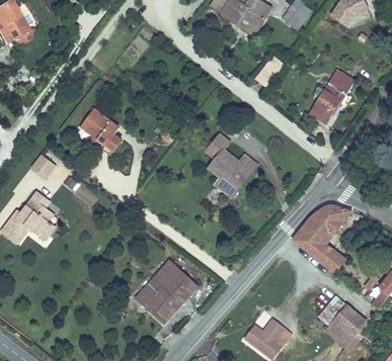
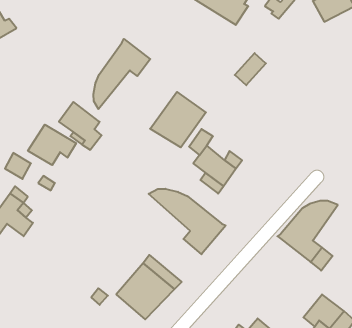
building: none -> [93,39,150,109]
building: [307,64,355,118] -> none
building: none -> [150,92,206,147]
building: none -> [28,125,76,165]
building: none -> [149,189,226,254]

